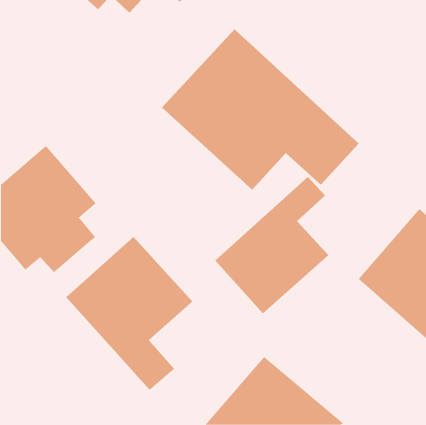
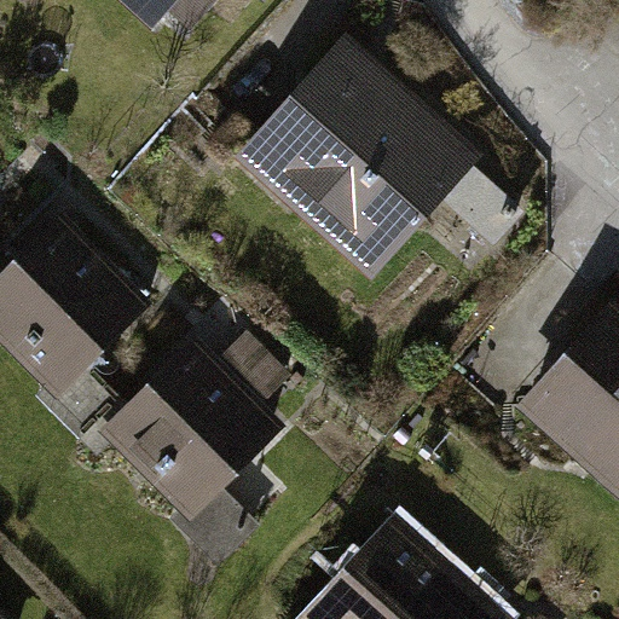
building: [214,176,329,314] -> none

